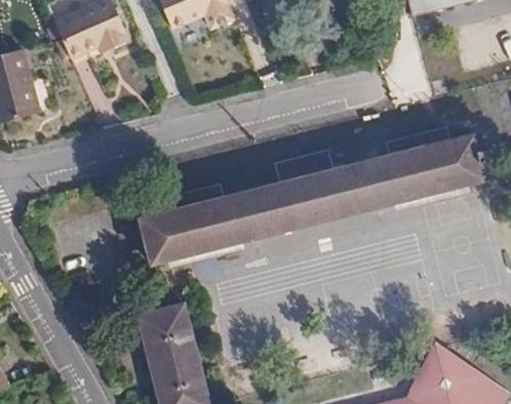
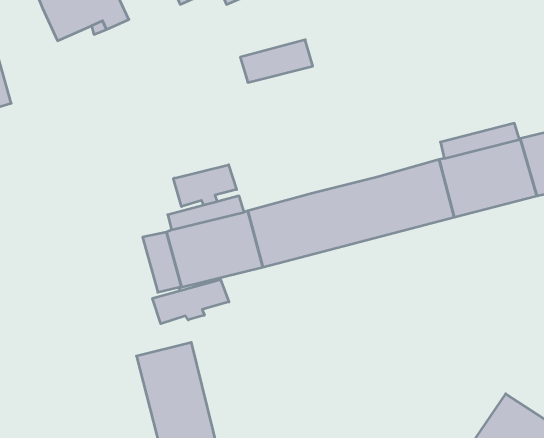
building: [274,150,333,185] -> [240,40,313,82]
building: none -> [173,165,237,207]
building: none -> [152,280,229,324]

